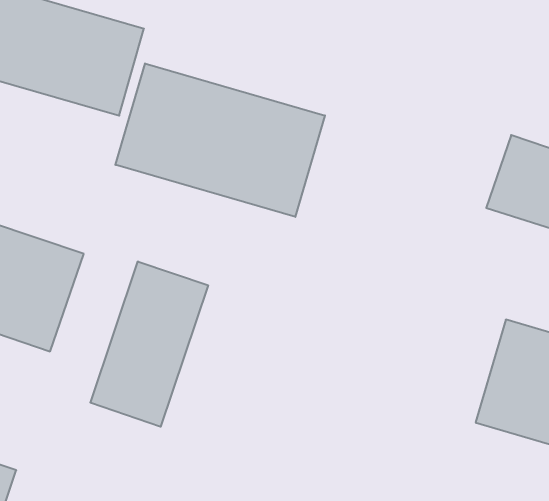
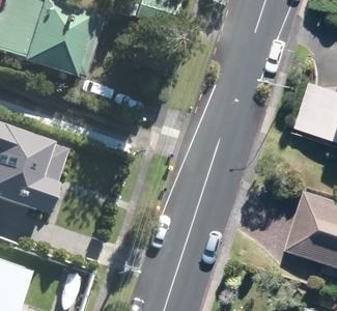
building: [115,63,325,217] -> none
building: [90,261,208,427] -> none

